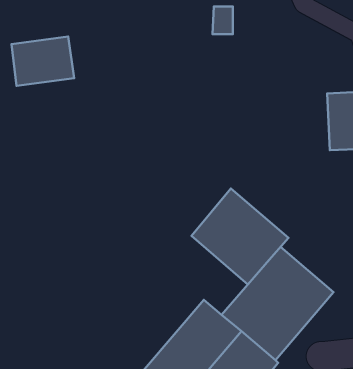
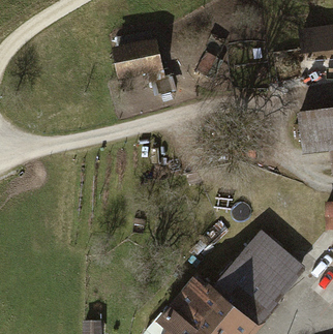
building: [11,37,74,86] -> [113,40,164,81]
building: [191,189,289,284] -> none

